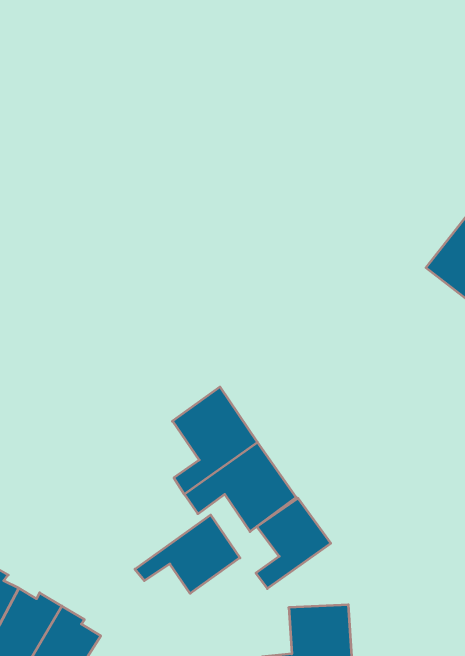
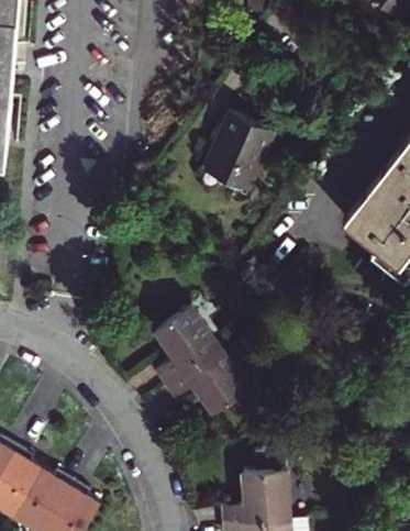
building: none -> [200,114,270,193]
building: [256,498,331,589] -> none
building: [135,515,240,593] -> none

